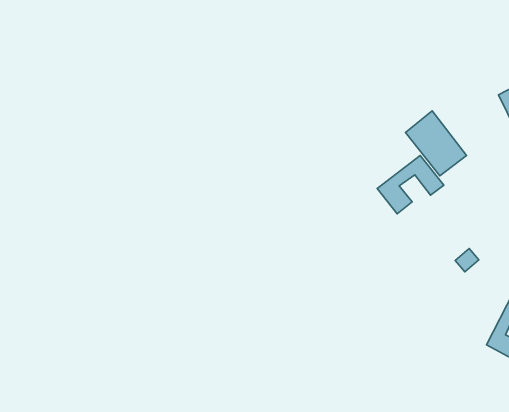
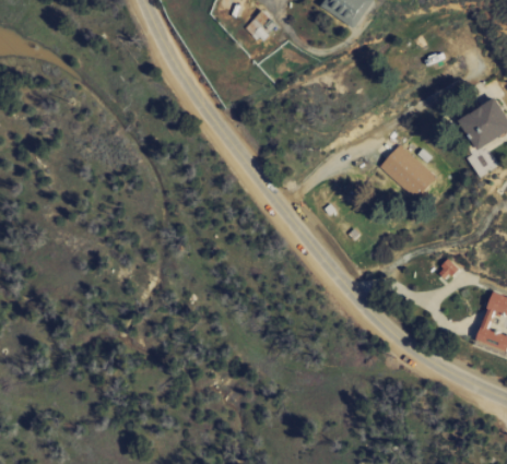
building: [377,156,444,214] -> none

